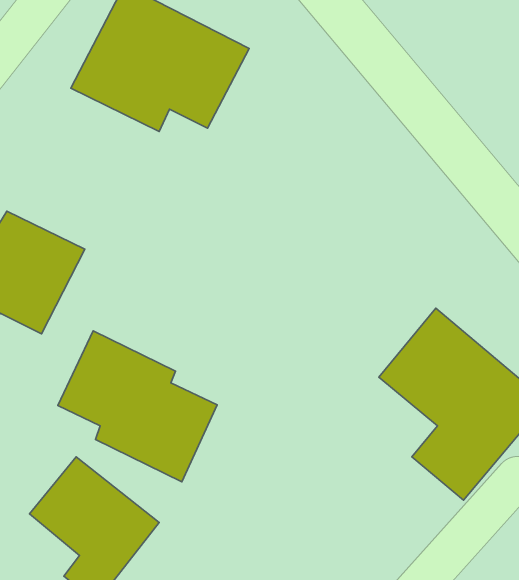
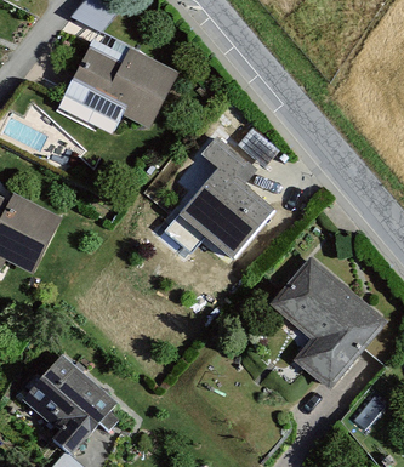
building: none -> [176,137,273,262]
building: [58,331,217,482] -> none

